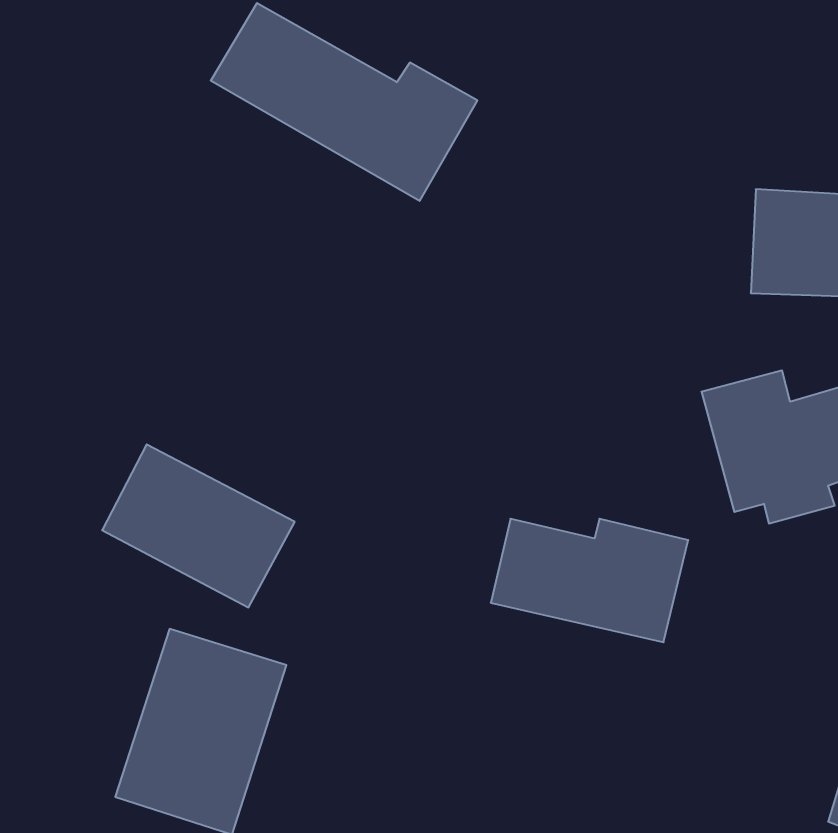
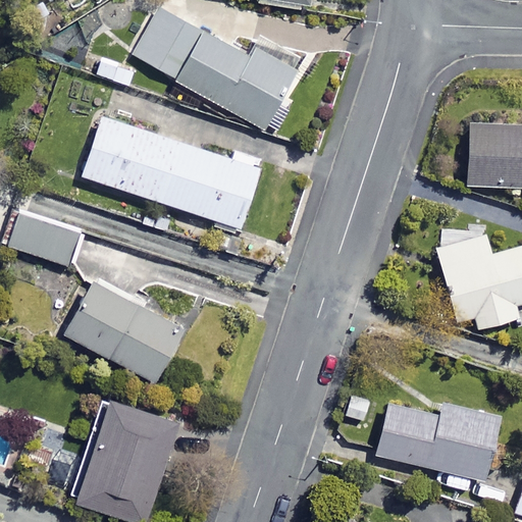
building: none -> [83,117,260,228]
building: none -> [6,209,82,267]
building: [491,519,688,642] -> [376,404,499,480]

